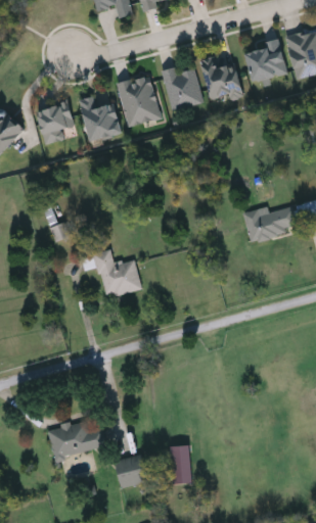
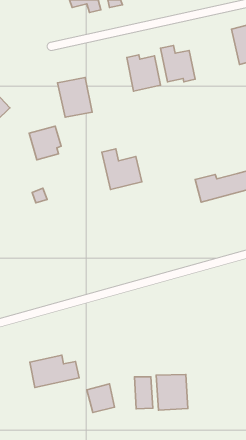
building: [245,39,286,81] -> none
building: [116,74,160,126] -> none
building: [36,102,74,142] -> [29,126,61,160]
building: [95,250,142,298] -> [102,149,142,189]
building: none -> [156,375,188,410]

